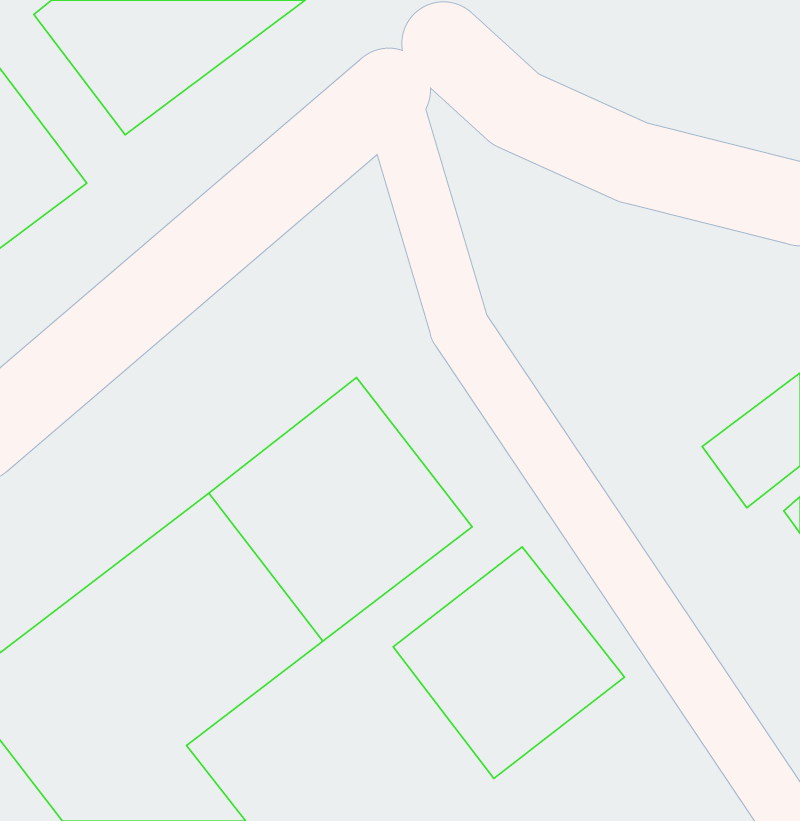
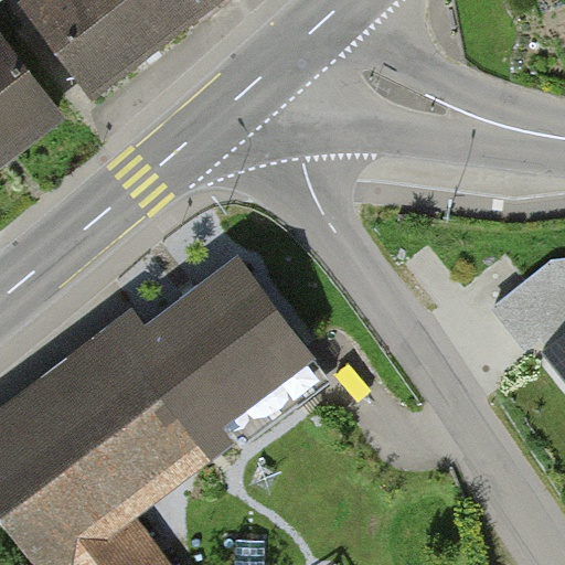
building: [393,547,625,778] -> none

